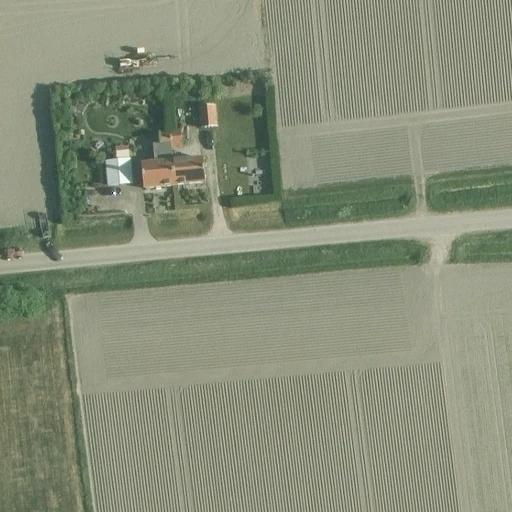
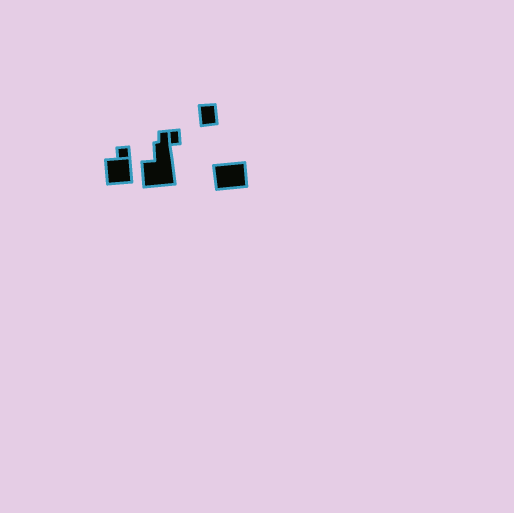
building: [171,156,204,183] -> [214,162,247,190]

